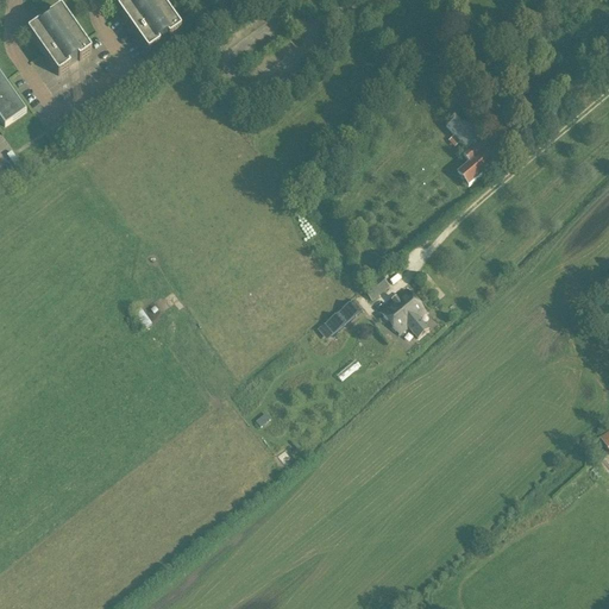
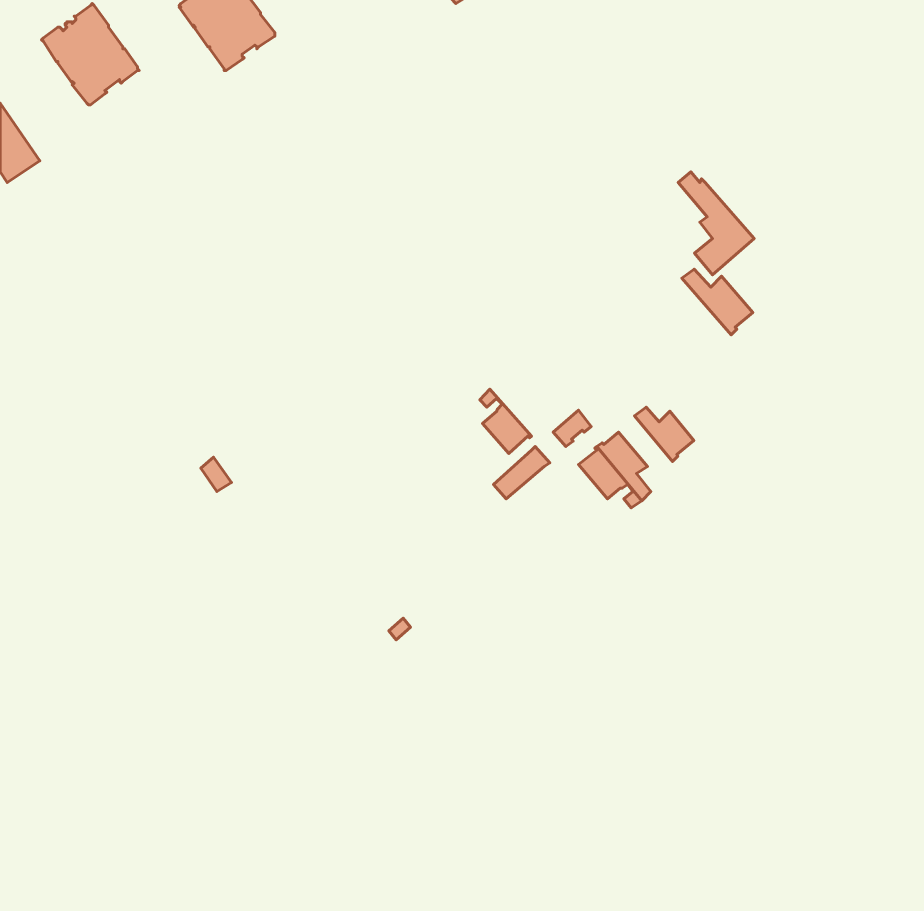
building: none -> [682,269,753,335]
building: none -> [480,389,532,453]
building: none -> [634,407,694,461]

